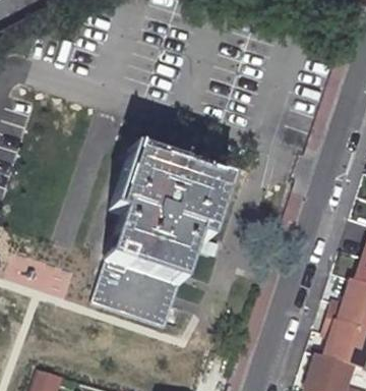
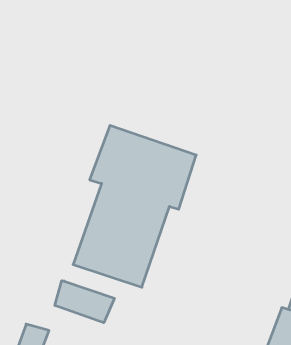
building: none -> [55,281,114,323]

